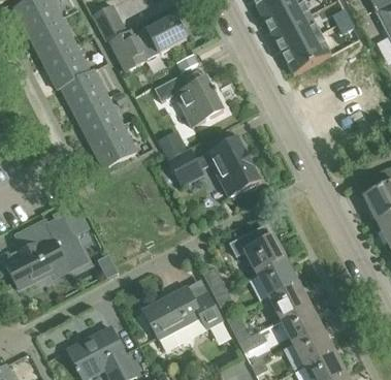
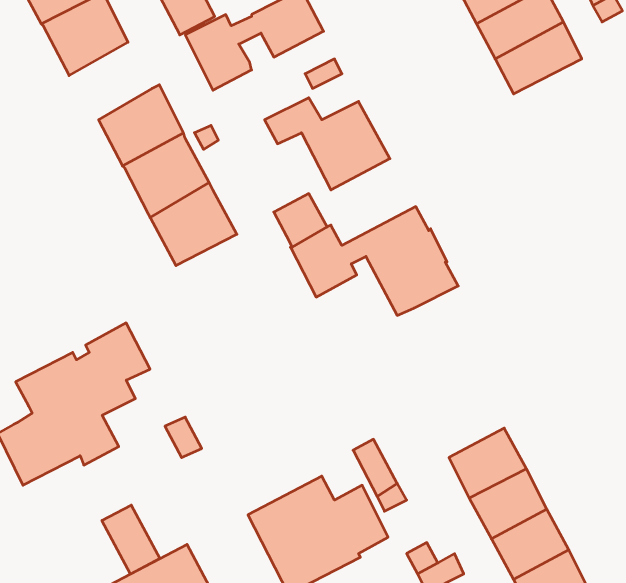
building: [44,44,91,90] -> none
building: [229,223,288,277] -> none
building: none -> [102,505,160,574]

